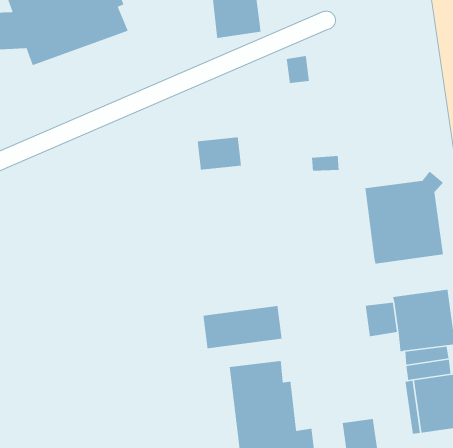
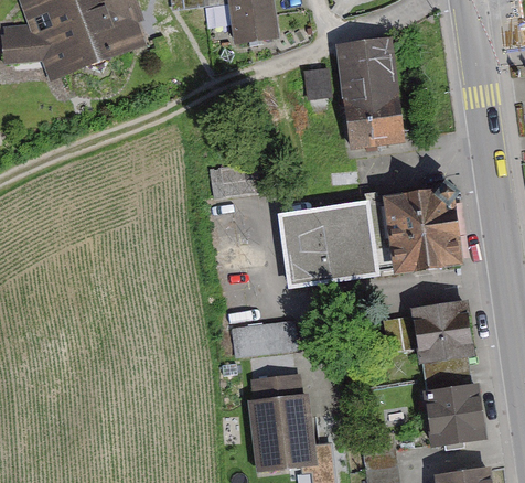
building: none -> [334,36,405,150]
building: none -> [277,201,392,287]

